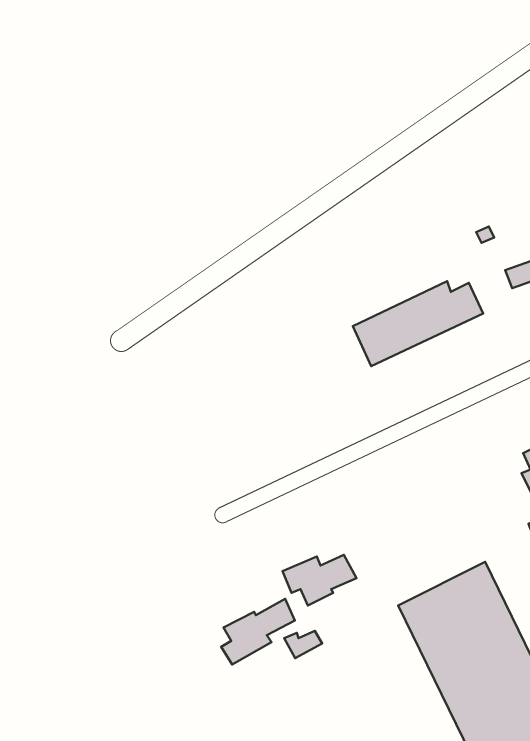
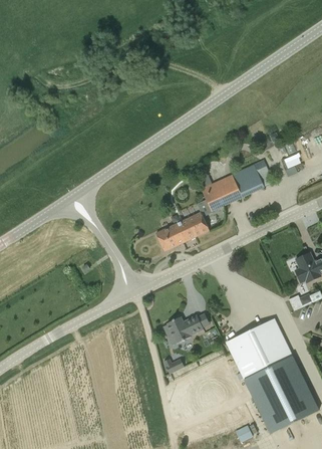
building: none -> [156,211,210,250]
building: [221,599,295,665] -> none

